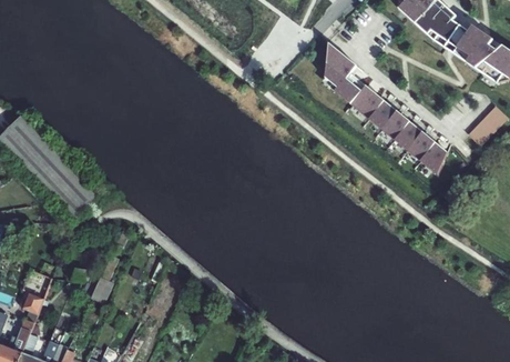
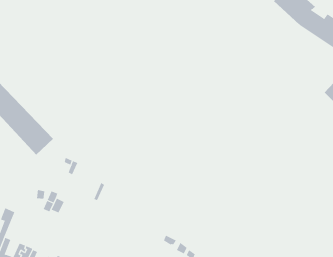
building: [325,42,447,174] -> none

